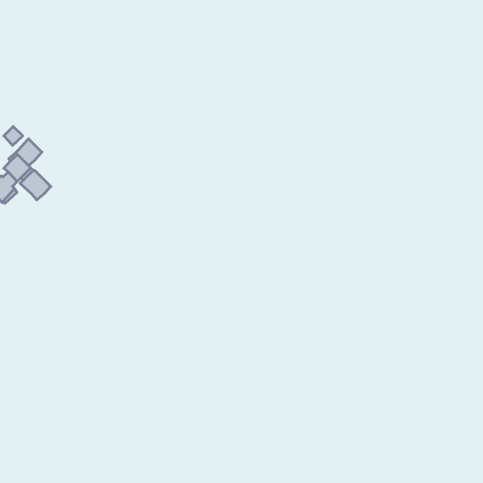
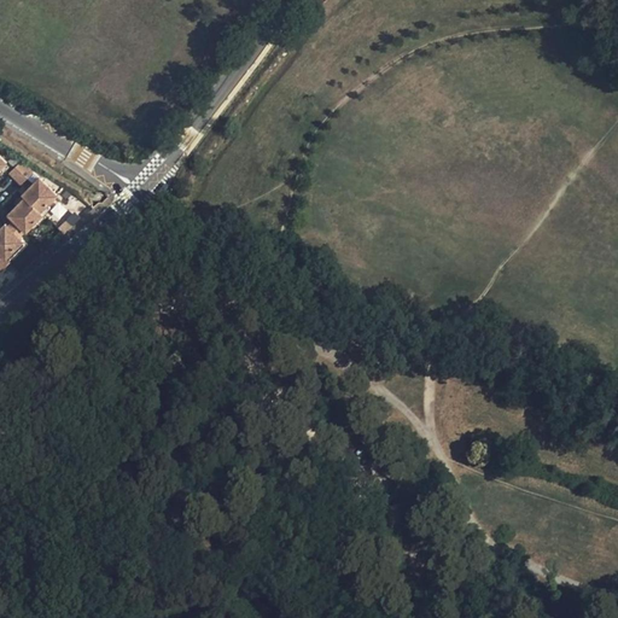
building: [20,170,51,200] -> none

